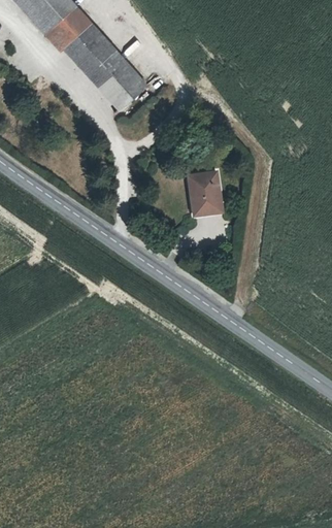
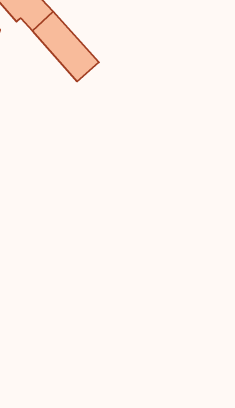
building: [189,171,221,211] -> none

